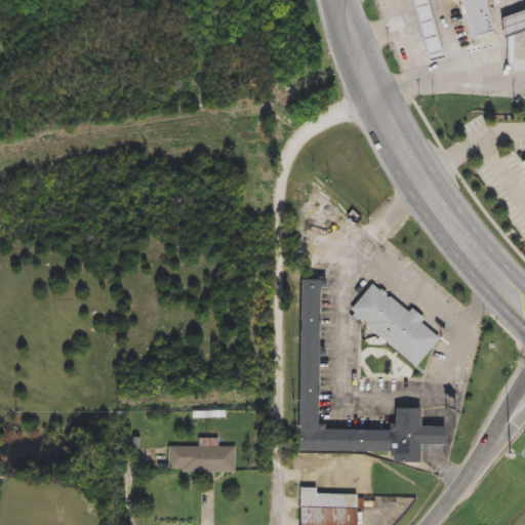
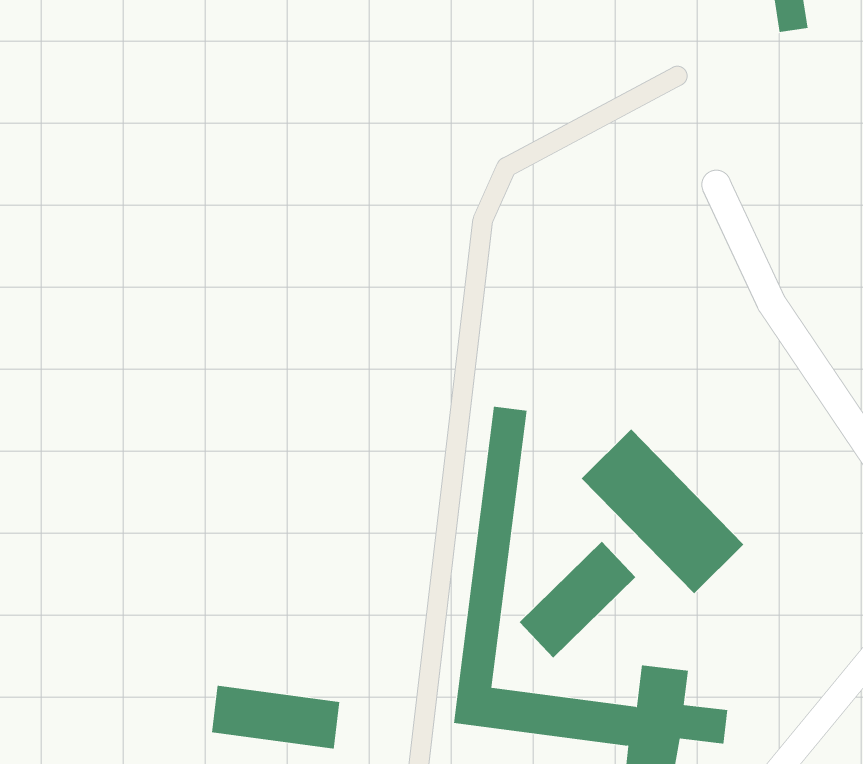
building: none -> [519,541,636,658]

